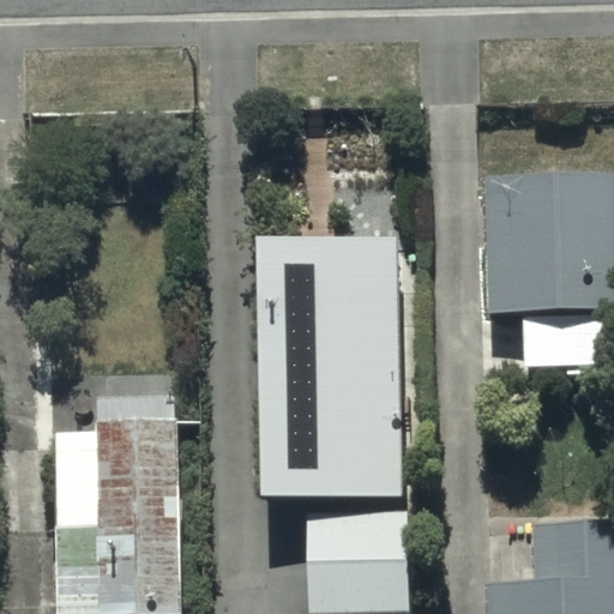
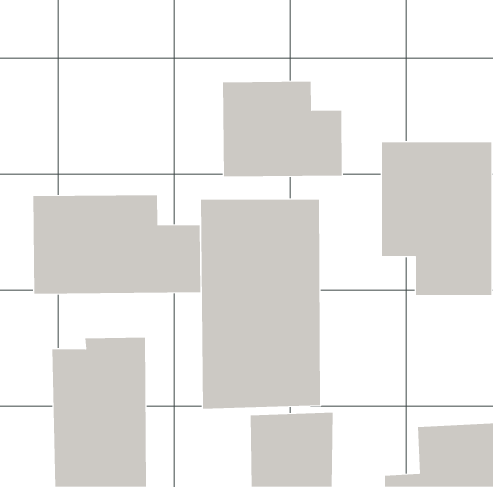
building: none -> [223,81,342,177]
building: none -> [33,194,201,294]

